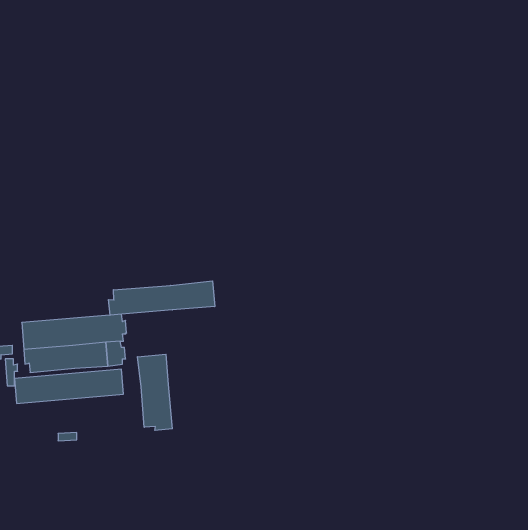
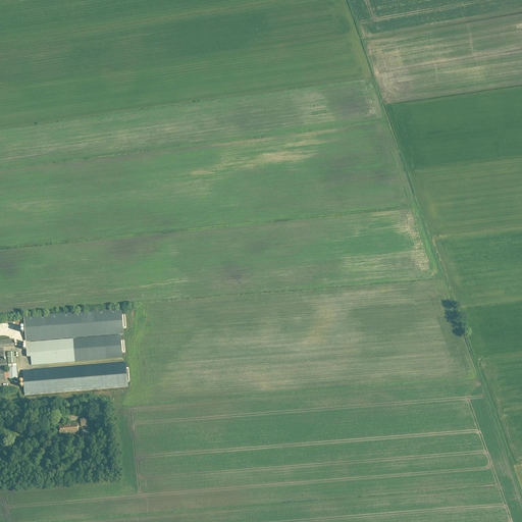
building: [108,281,215,315] -> none
building: [137,354,172,430] -> none

